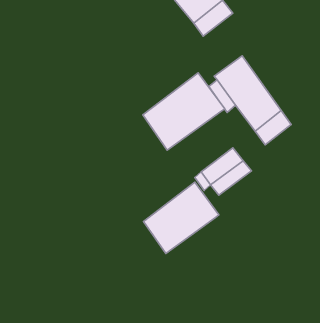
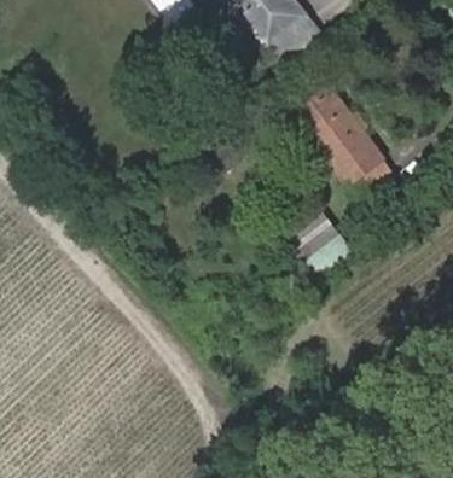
building: [143,73,225,150] -> none
building: [144,182,219,253] -> none

